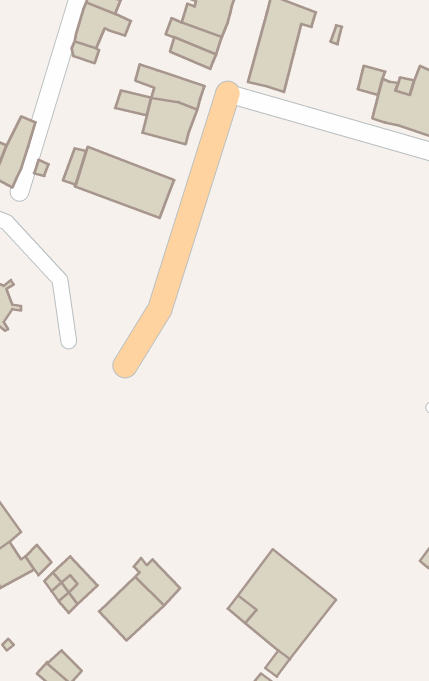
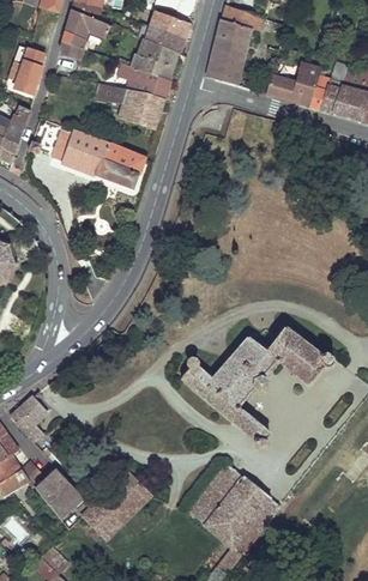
building: none -> [14,48,43,91]
building: none -> [131,48,175,79]
building: none -> [266,74,314,105]
building: none -> [181,326,333,449]
building: none -> [11,397,47,441]

